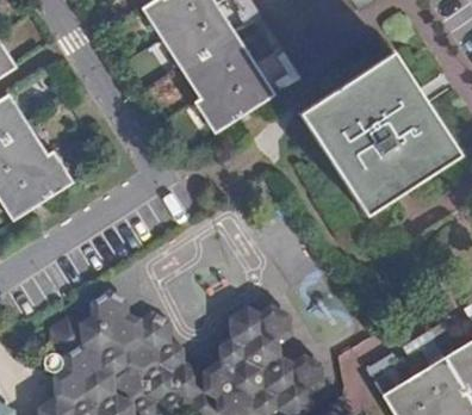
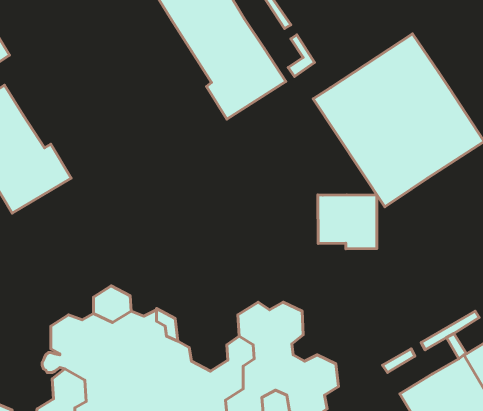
building: none -> [318,195,377,249]

